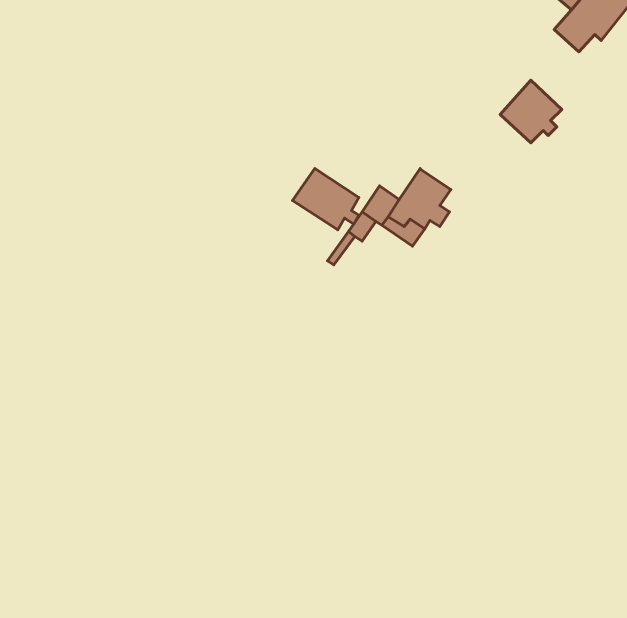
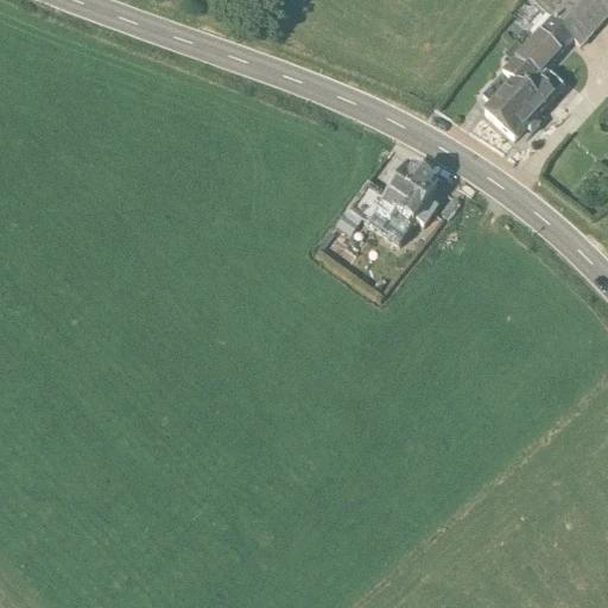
building: none -> [483,28,563,106]
building: [292,168,359,230] -> none

